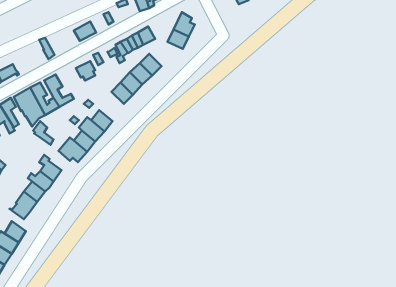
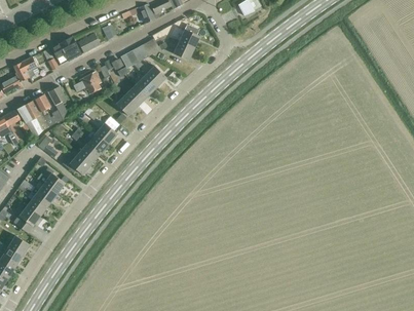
building: none -> [50,36,81,65]
building: none -> [12,56,39,82]

